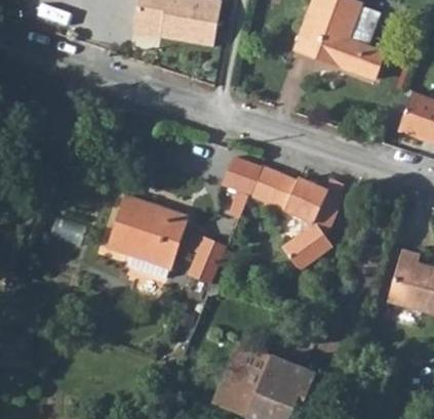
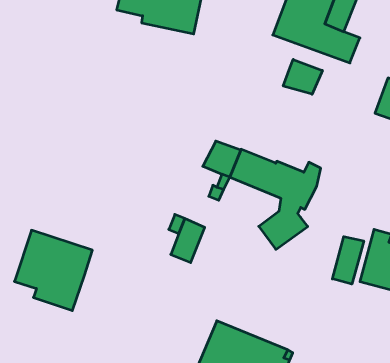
building: none -> [283,59,322,94]
building: [108,196,188,278] -> [14,230,92,311]
building: none -> [332,237,364,284]

